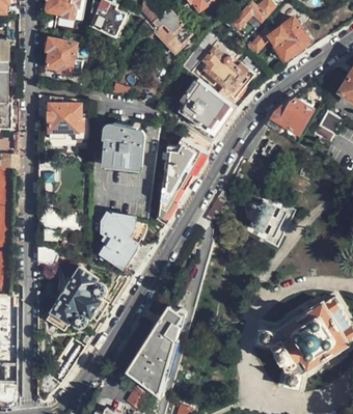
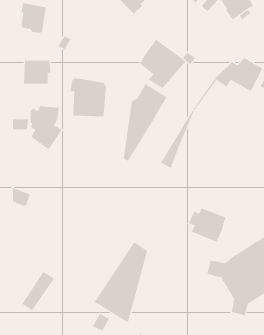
building: [199,48,240,92] -> none
building: [247,202,290,241] -> [188,208,226,242]
building: [101,215,137,265] -> [30,106,62,150]
building: [46,268,107,331] -> none

